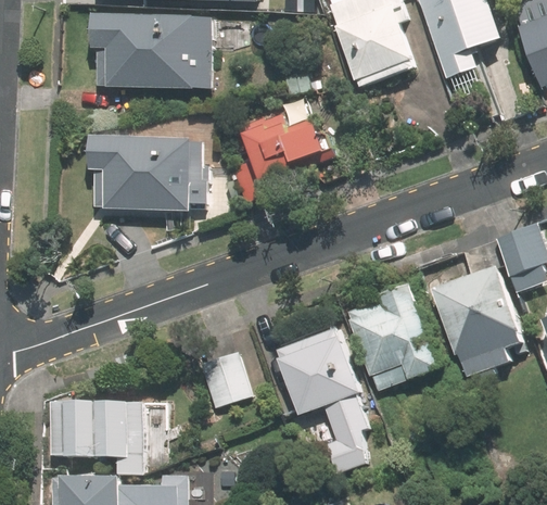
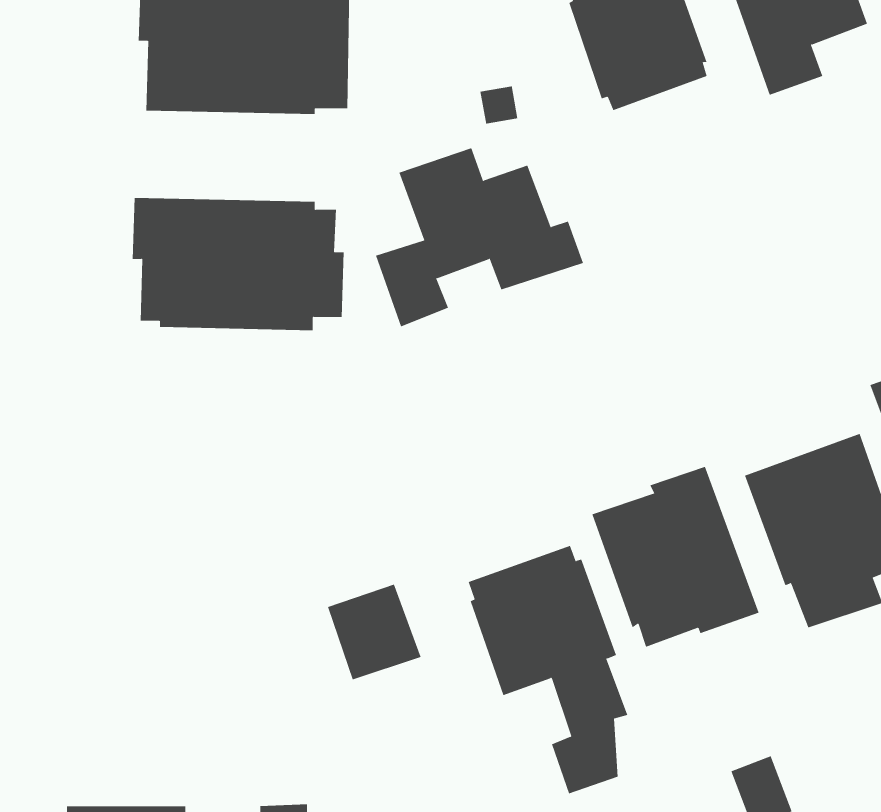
building: [49,400,144,472] -> none

